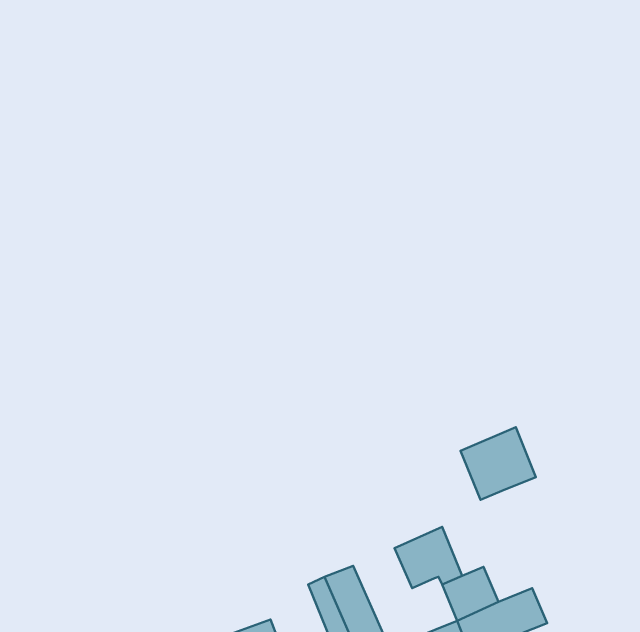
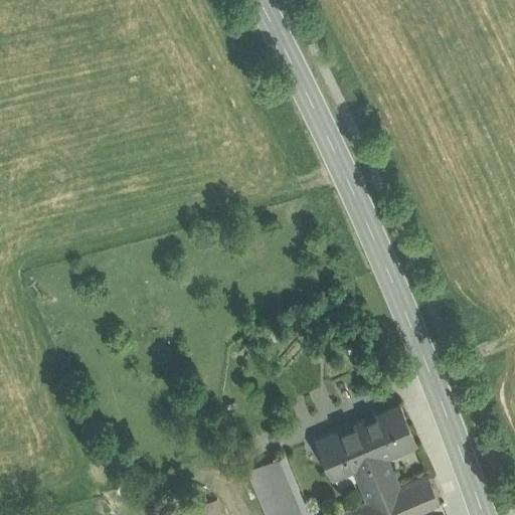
building: [461,427,536,500] -> [355,410,415,469]

